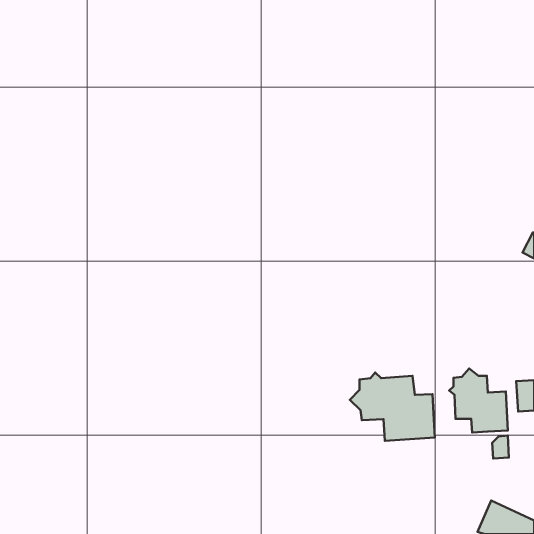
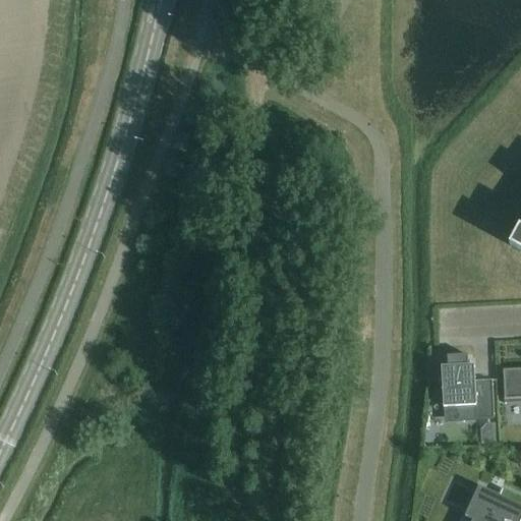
building: [350,373,435,441] -> none

